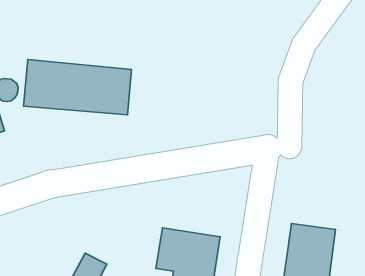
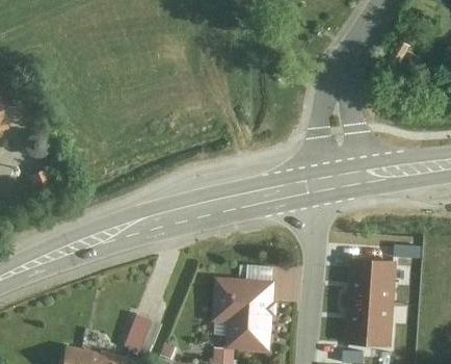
building: [24,59,131,115] -> none

